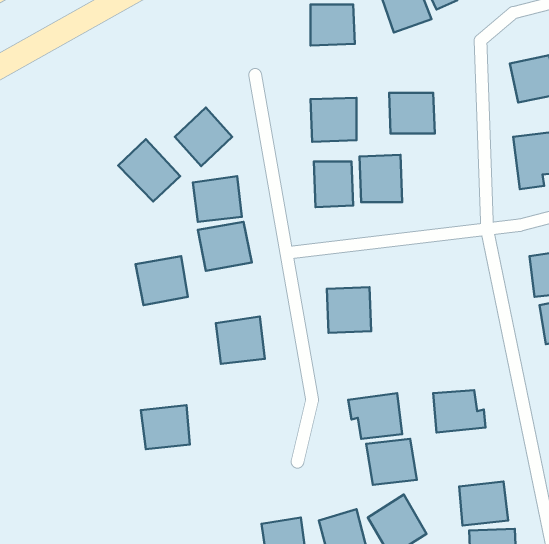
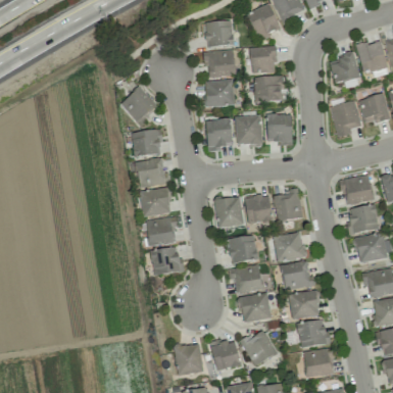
building: none -> [251,47,277,72]
building: none -> [204,50,235,77]
building: [118,139,180,201] -> none
building: none -> [267,114,292,143]
building: [135,256,188,305] -> [139,187,171,217]
building: none -> [274,190,302,222]
building: none -> [244,194,273,225]
building: none -> [273,231,306,262]
building: none -> [228,235,258,264]
building: [141,405,190,449] -> [151,247,182,275]
building: none -> [290,291,318,317]

